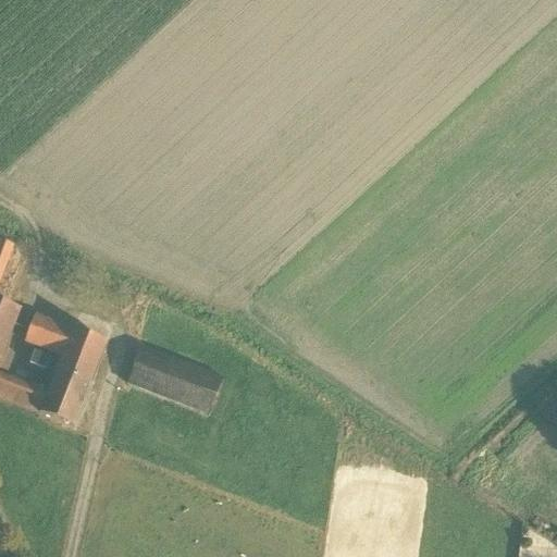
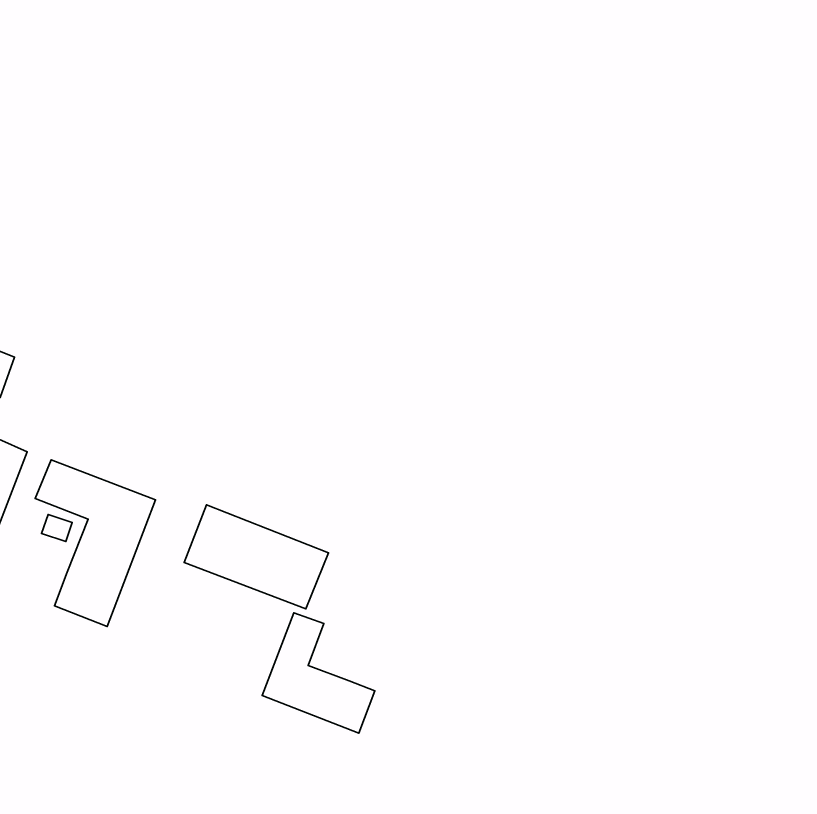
building: none -> [262,613,375,733]

